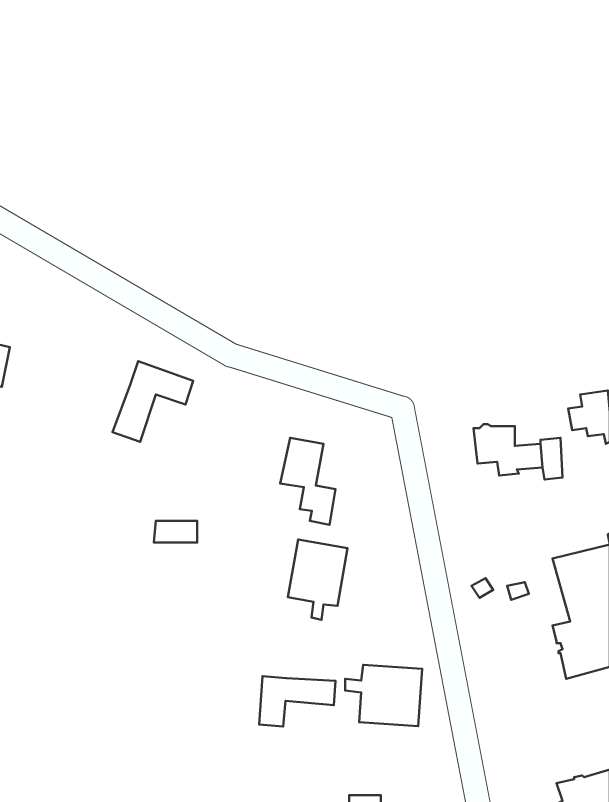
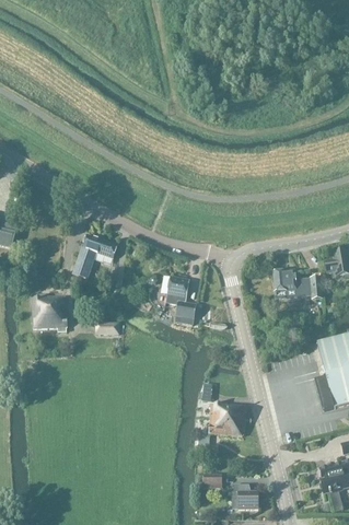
building: none -> [32,296,67,329]
building: [288,540,348,620] -> none
building: [259,676,336,727] -> none

